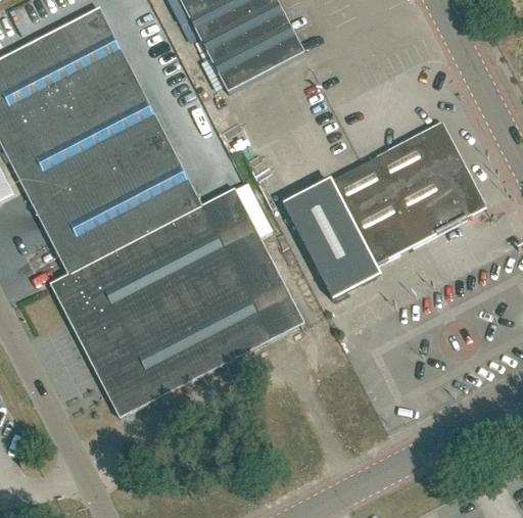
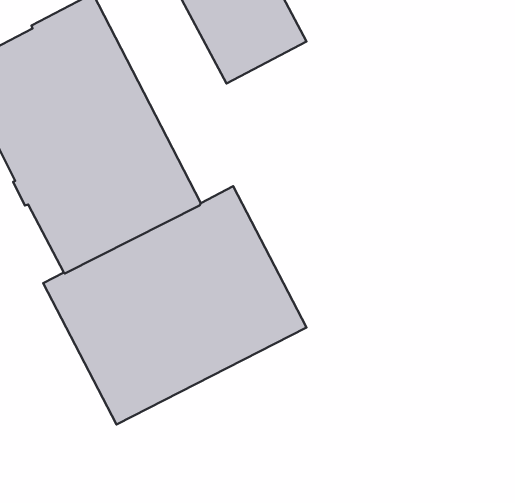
building: [280,122,483,299] -> none

